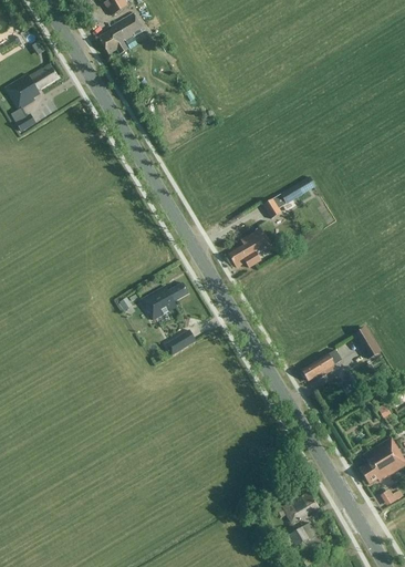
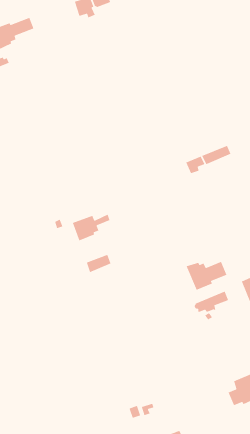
building: [229,228,271,267] -> none
building: none -> [186,261,227,291]
building: [279,492,319,523] -> none

